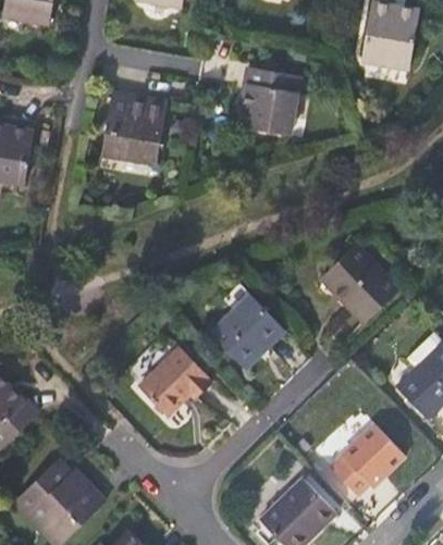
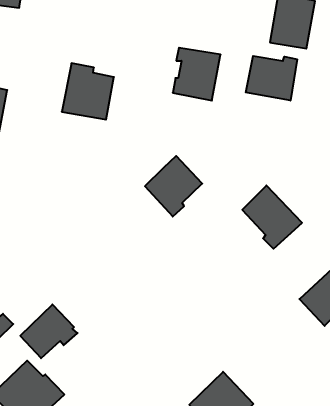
building: none -> [246,56,297,101]
building: [212,292,284,368] -> [145,156,202,217]
building: [141,346,213,413] -> [20,304,78,358]
building: [330,421,408,495] -> none

